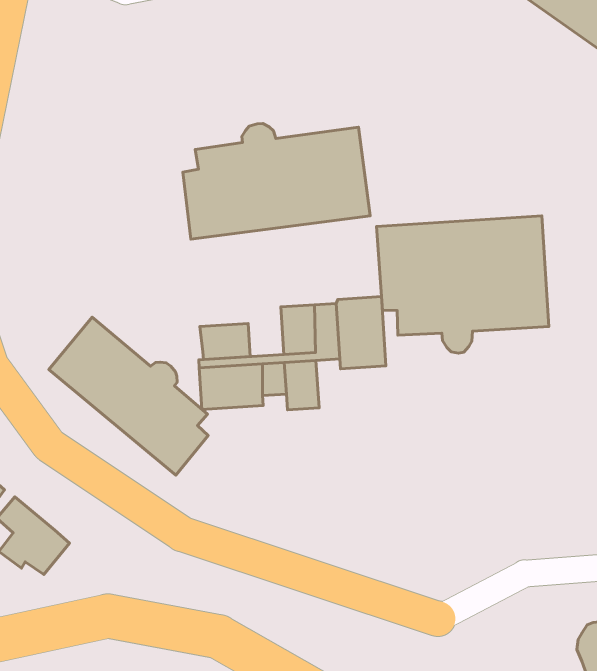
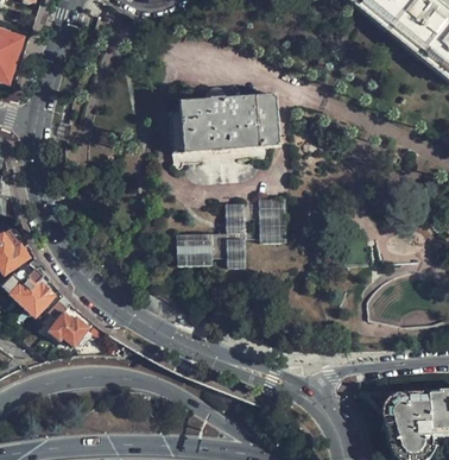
building: [377,216,549,353] -> none
building: [49,317,208,475] -> none
building: [200,323,250,360] -> none

